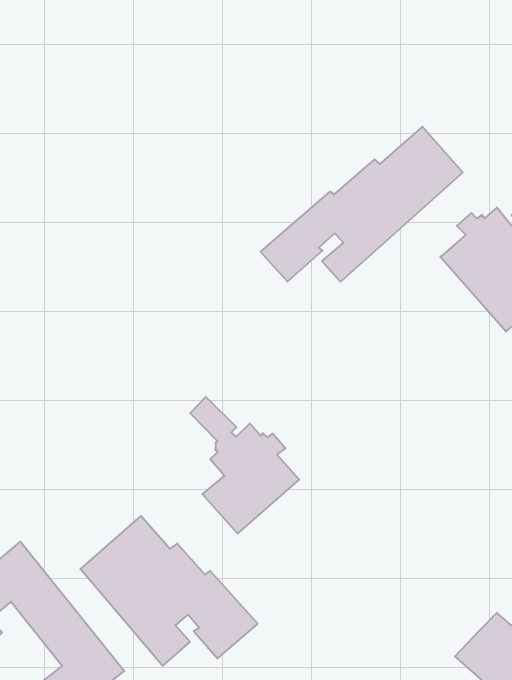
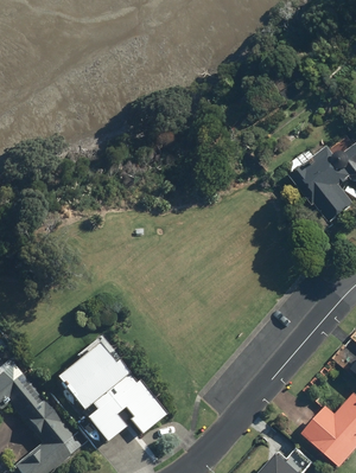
building: [261,127,463,282] -> none
building: [190,397,299,534] -> none

